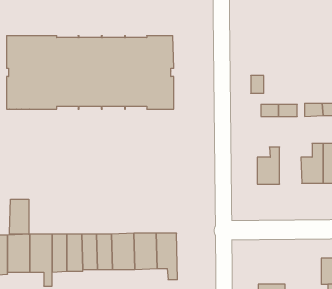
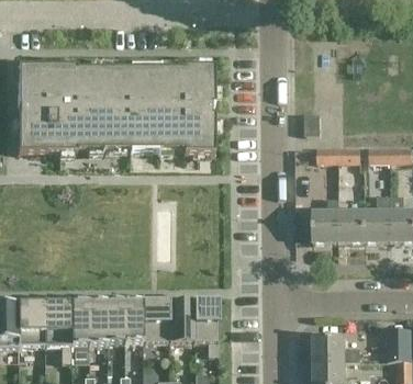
building: none -> [338,196,365,240]
building: [9,199,29,234] -> none
building: none -> [313,332,358,359]

